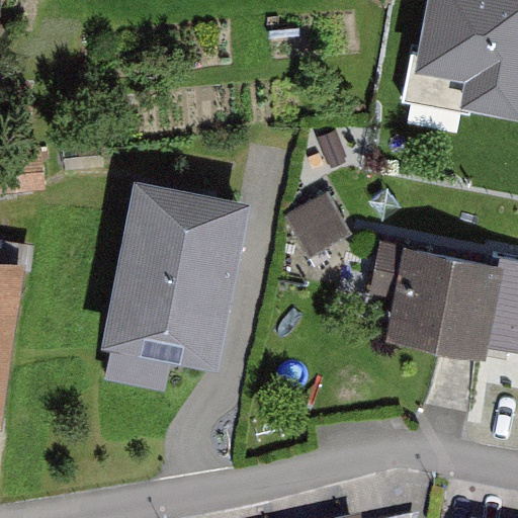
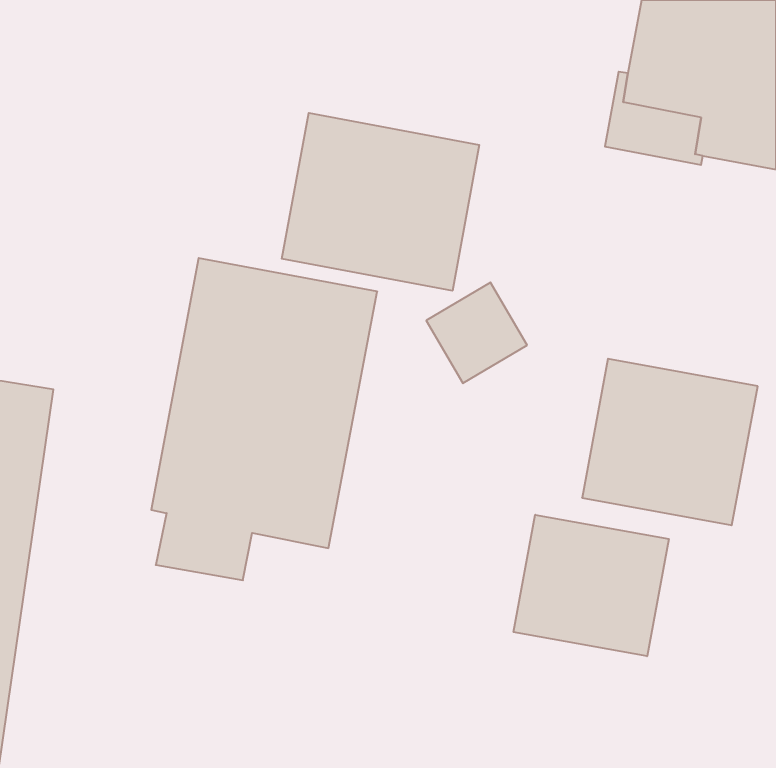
building: none -> [282,113,479,291]
building: none -> [514,515,669,656]

